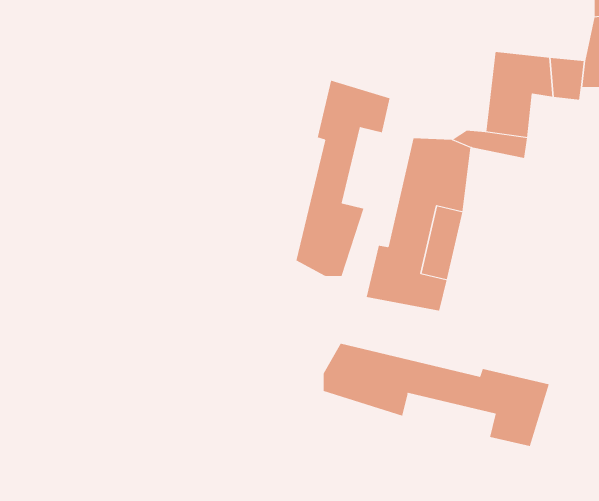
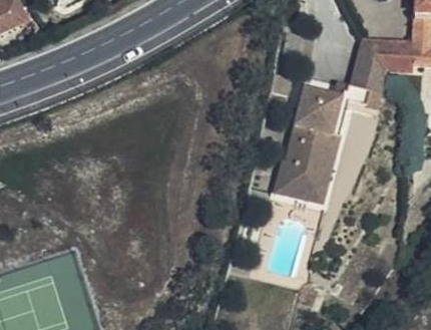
building: [296,80,390,277] -> none
building: [323,343,550,447] -> none

